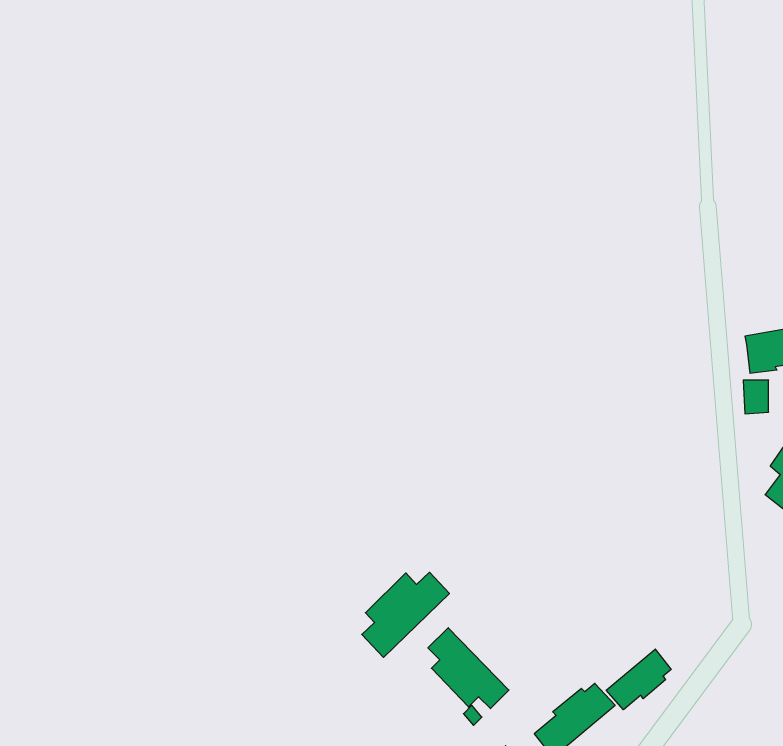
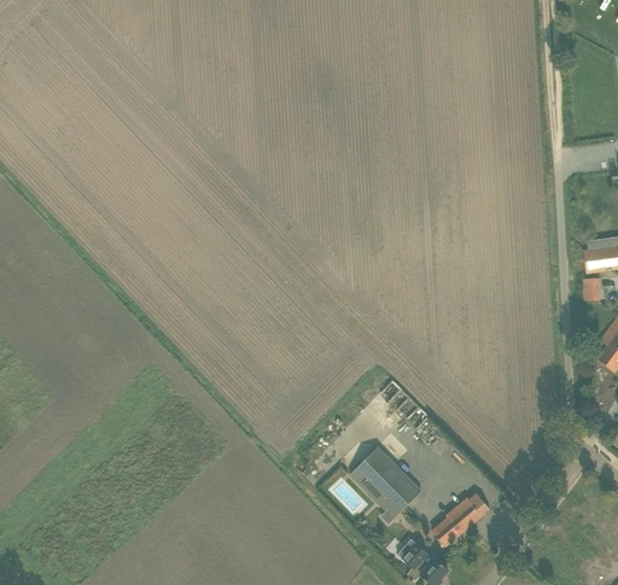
building: [362,572,449,657] -> none
building: [606,649,671,710] -> none

